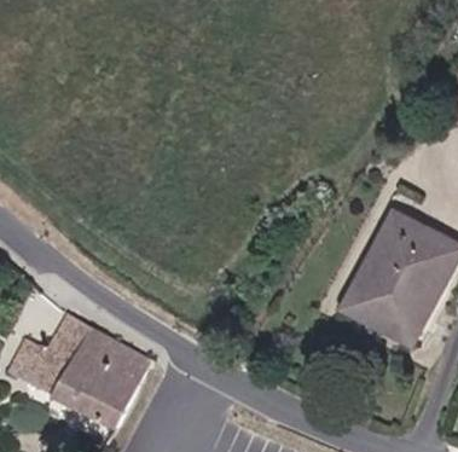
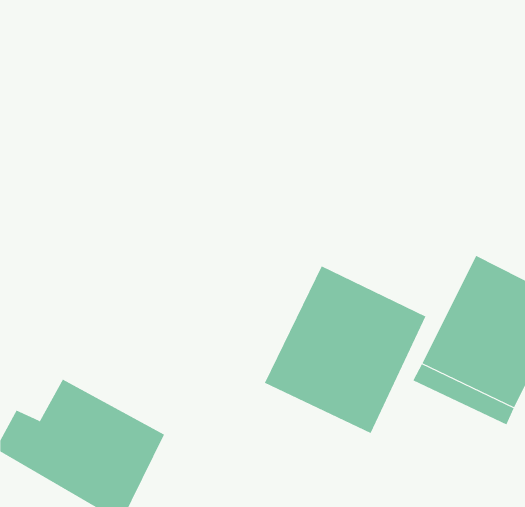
building: none -> [264,265,426,434]

